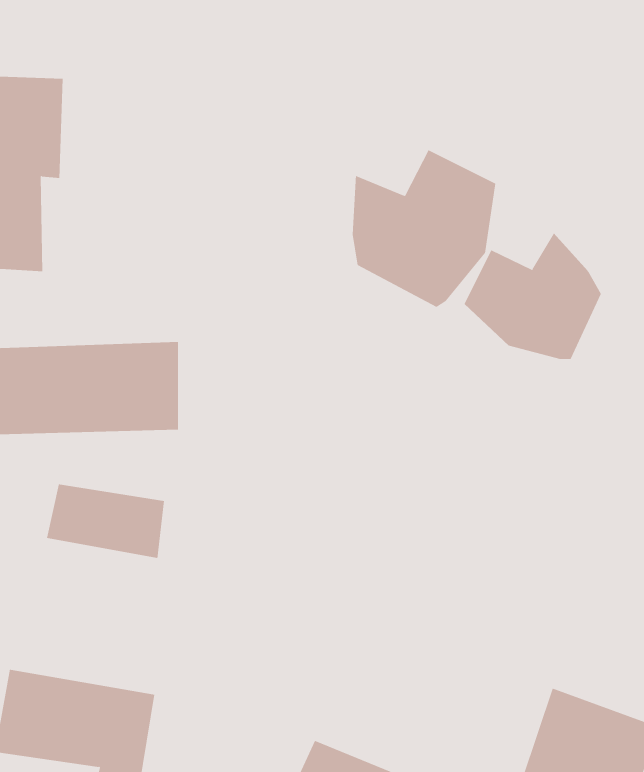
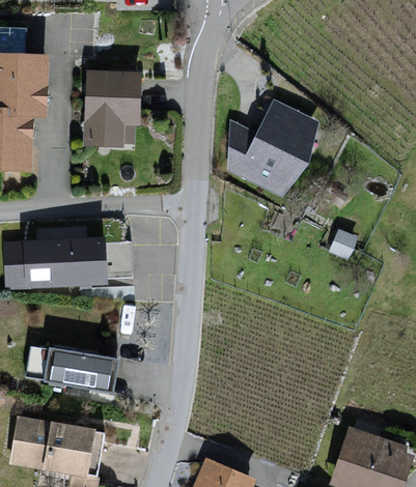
building: none -> [83,68,142,146]
building: [464,233,602,360] -> none
building: [46,484,165,558] -> [41,348,114,394]

